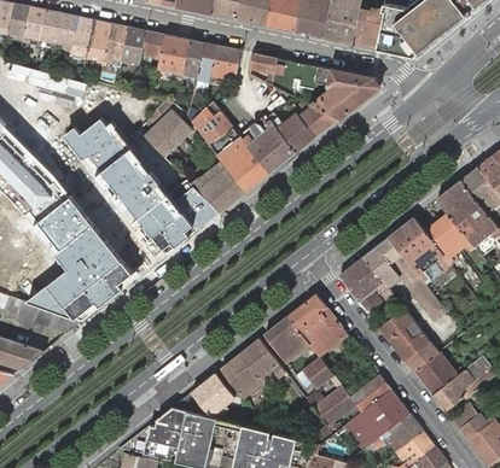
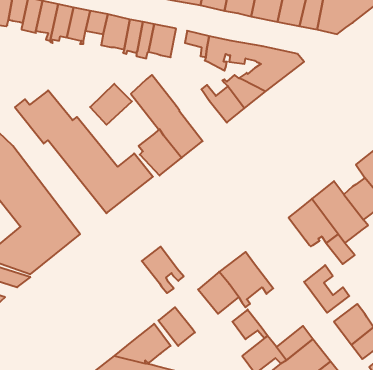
building: [240,115,296,174] -> none
building: [339,257,393,312] -> none
building: [239,339,285,390] -> [142,247,184,293]

